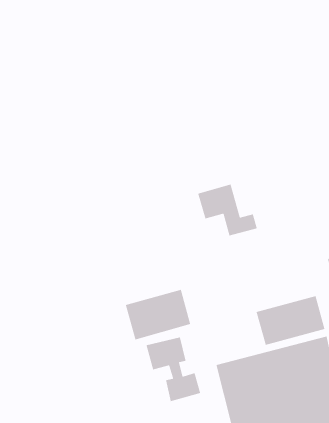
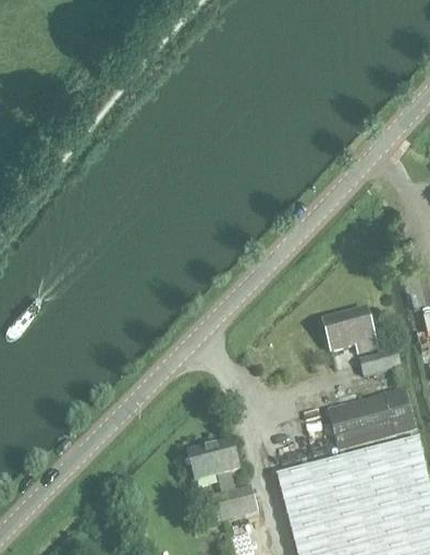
building: [197,184,258,237] -> [323,307,401,375]
building: [125,289,191,340] -> none

